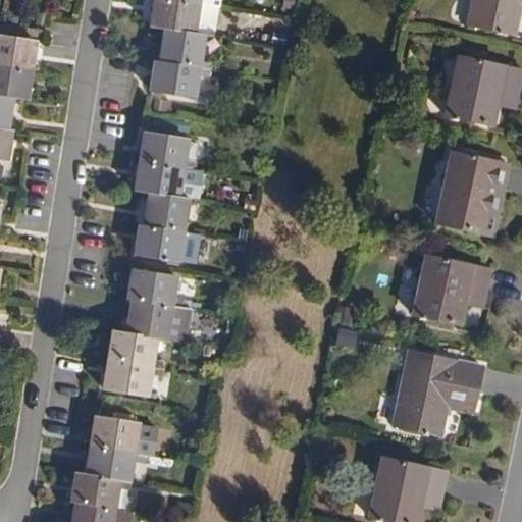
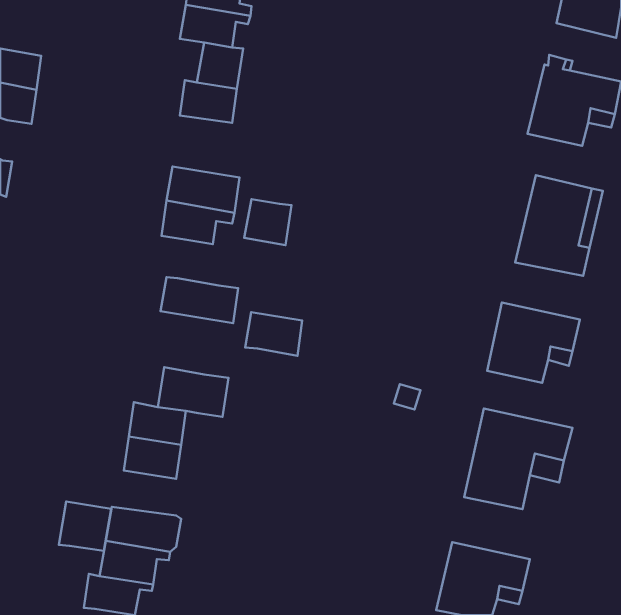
building: [149,201,189,240] -> [244,199,292,245]
building: [127,277,175,314] -> [245,312,302,356]
building: none -> [59,501,111,551]

